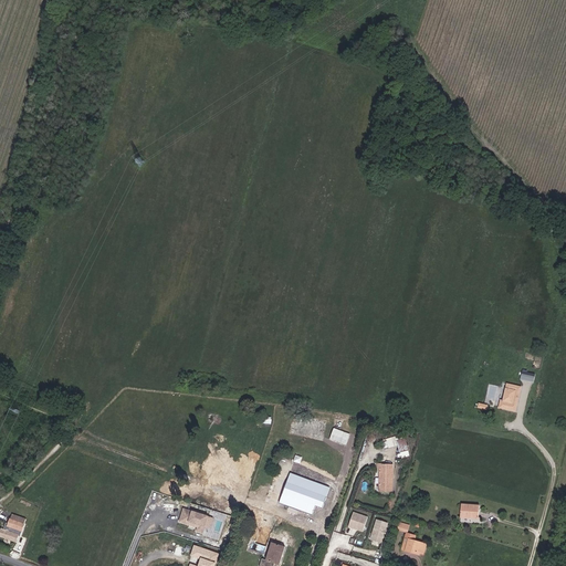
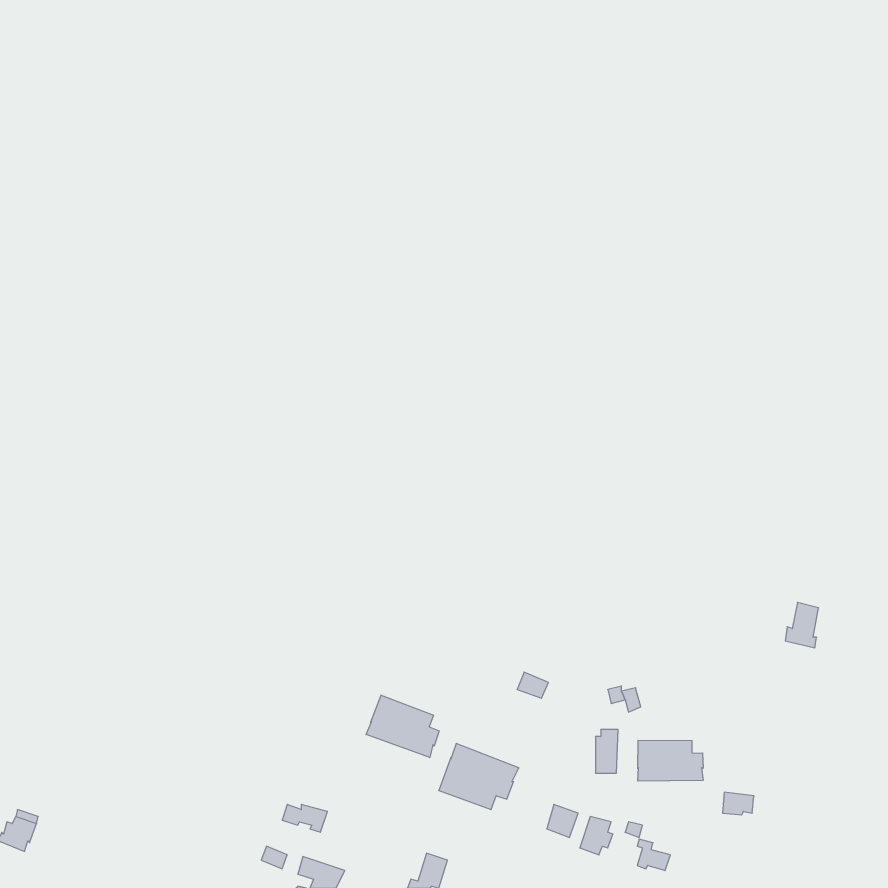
building: none -> [366,695,439,758]
building: none -> [638,740,703,781]

